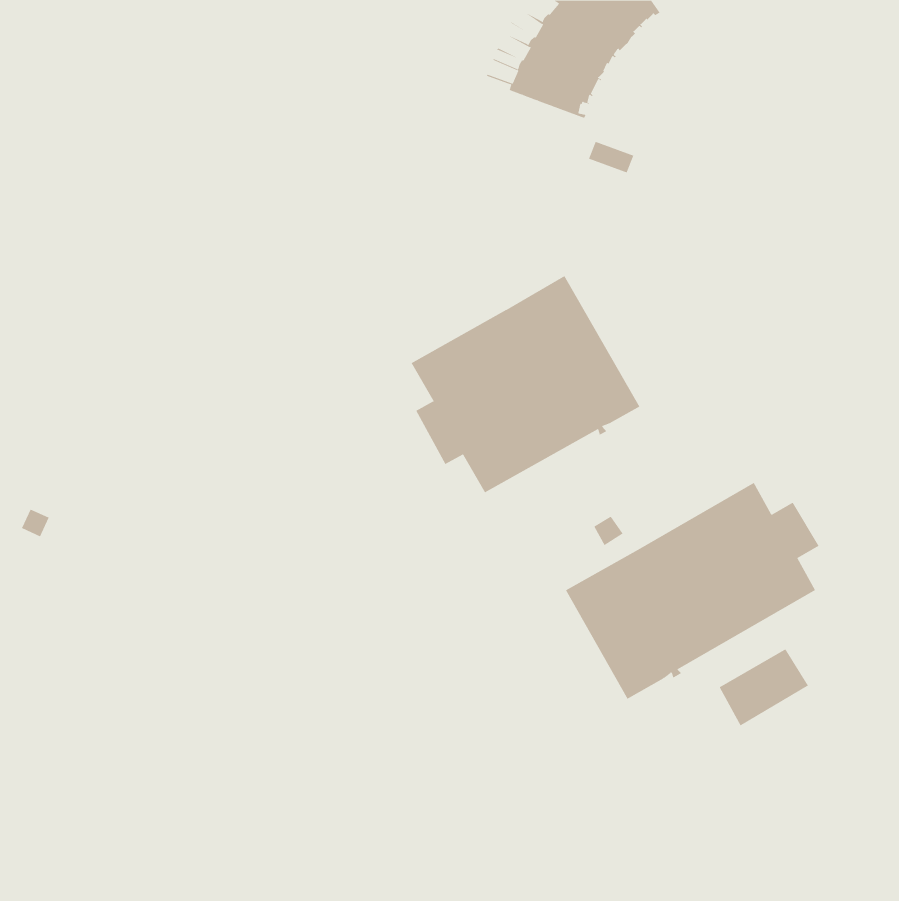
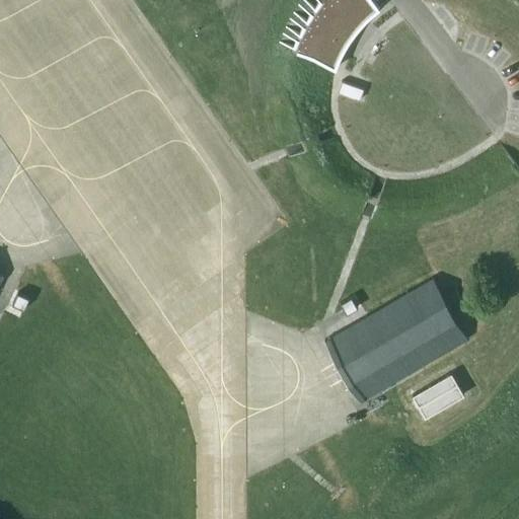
building: [411,275,640,493] -> none

